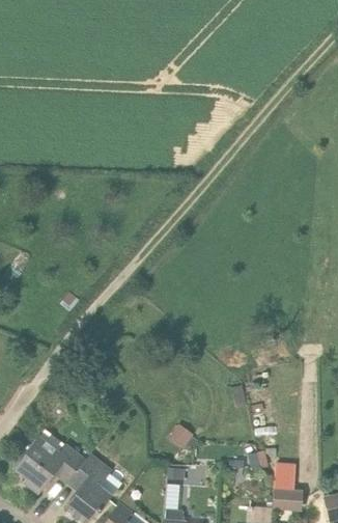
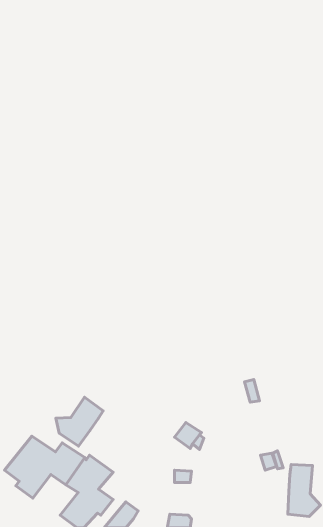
building: none -> [56,397,103,446]

